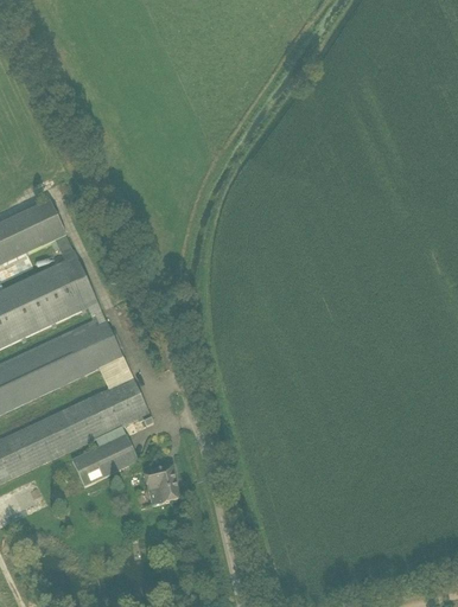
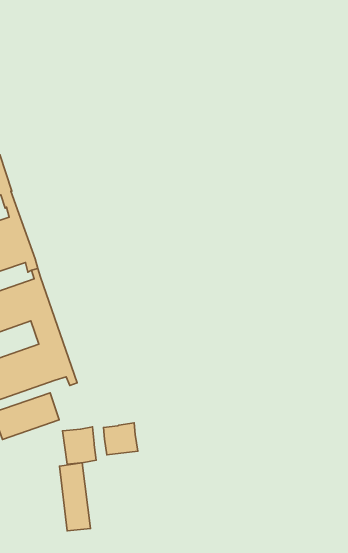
building: none -> [104,423,138,455]
building: none -> [59,463,90,531]

